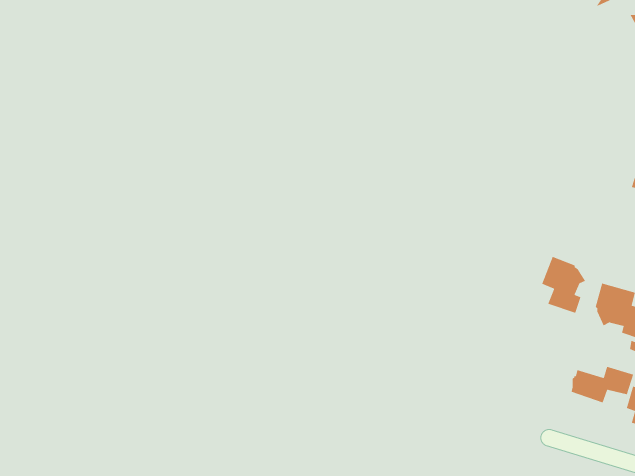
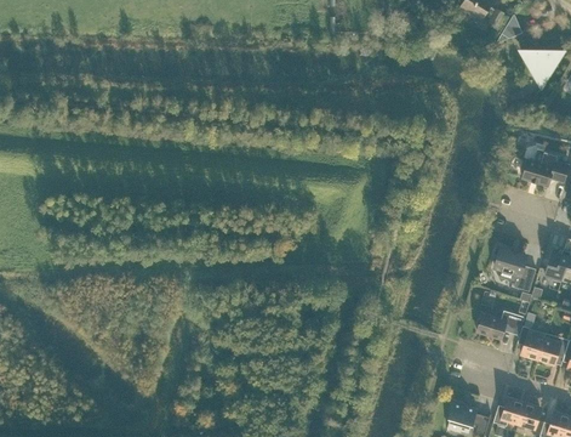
building: [541,256,586,314] -> none

